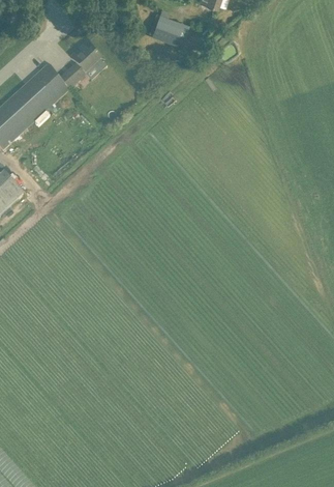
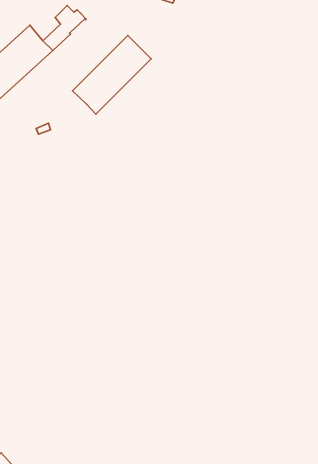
building: none -> [72,35,151,114]

